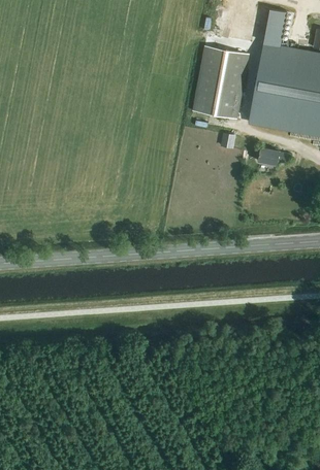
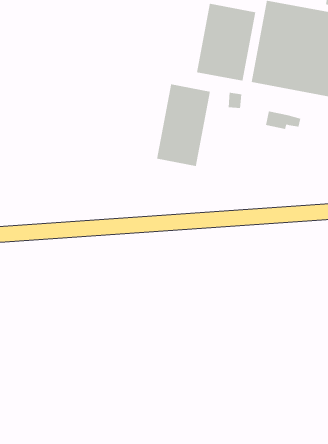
building: none -> [156,83,210,167]

